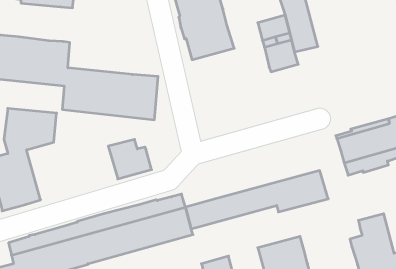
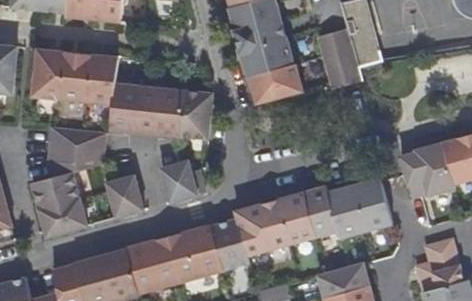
building: none -> [249,63,302,102]
building: none -> [104,174,142,217]
building: none -> [235,177,384,232]

